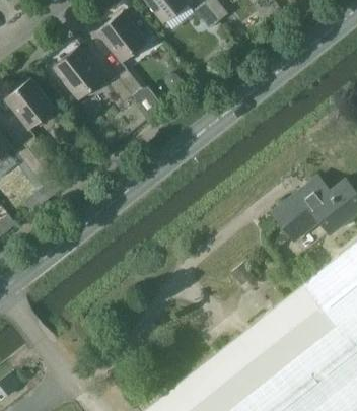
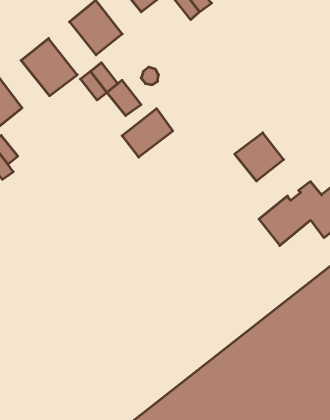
building: none -> [122,109,173,157]
building: none -> [235,133,284,181]

